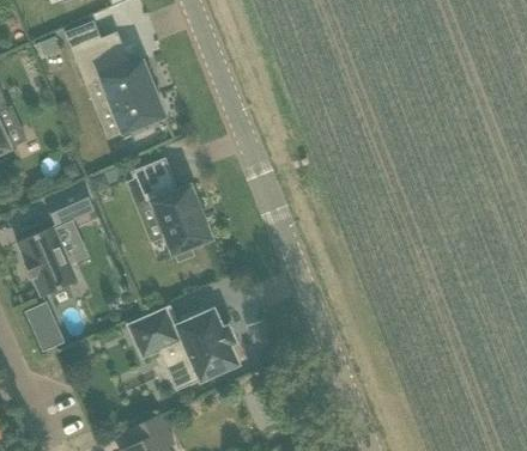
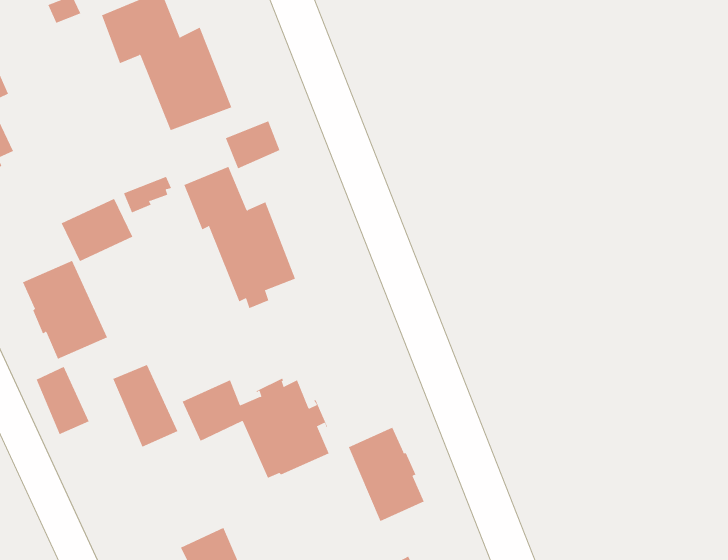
building: none -> [225,121,280,169]
building: none -> [112,364,178,447]
building: none -> [348,427,425,522]

